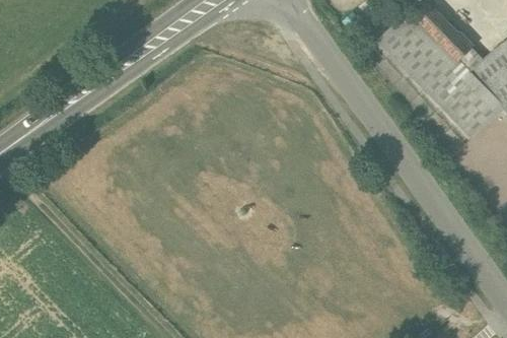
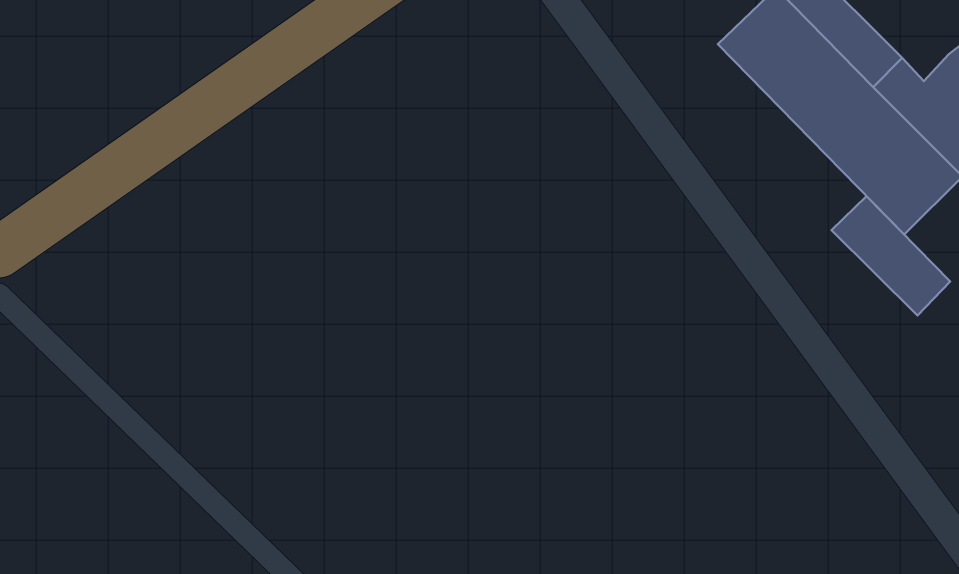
building: none -> [832,196,950,315]

